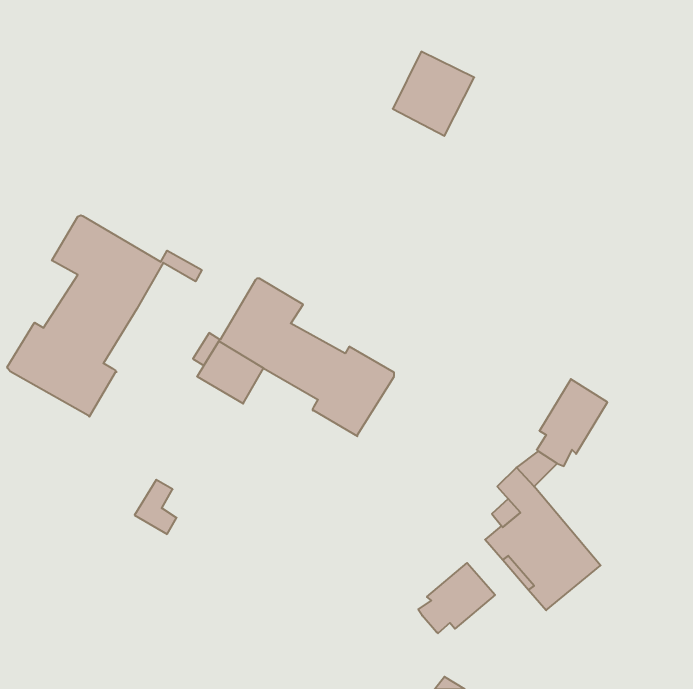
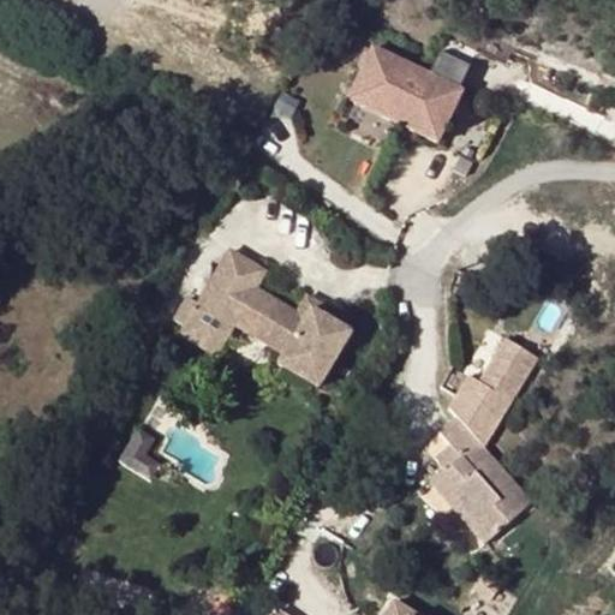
building: none -> [394,68,461,141]
building: [7,215,202,417] -> none
building: [418,563,495,633] -> none

